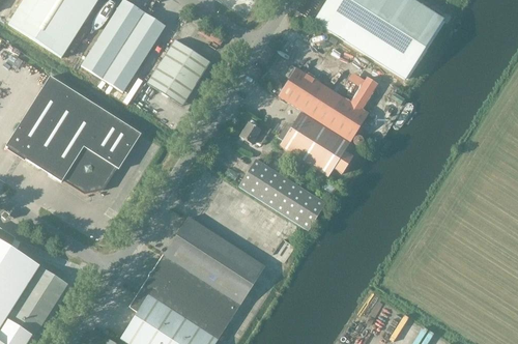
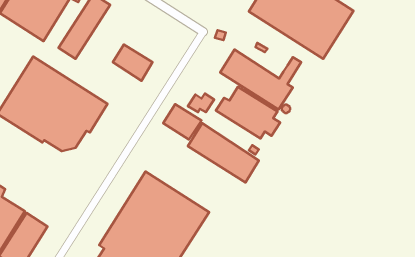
building: [100,12,165,92] -> none
building: [160,39,209,83] -> none
building: none -> [163,104,201,140]

